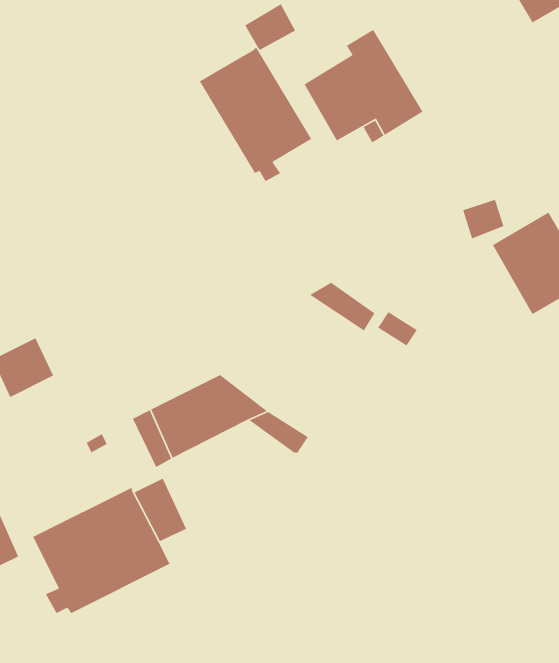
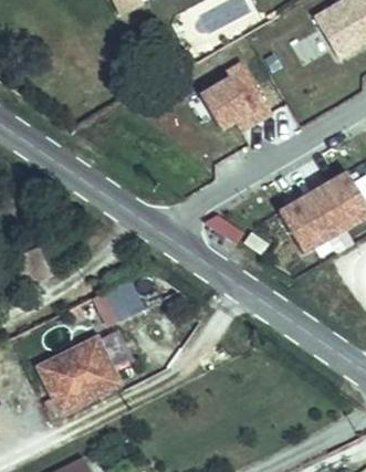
building: [199,47,312,182] -> none
building: none -> [279,192,337,254]

